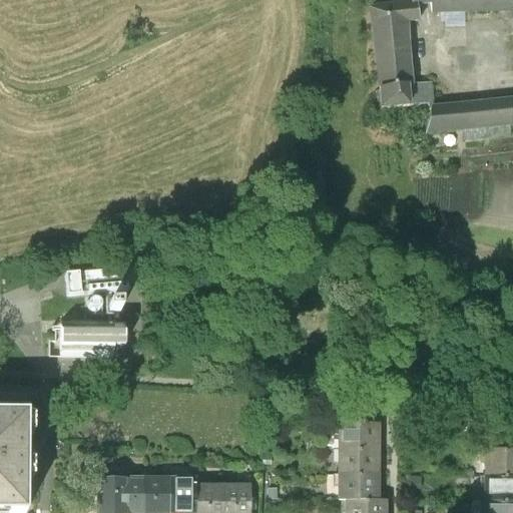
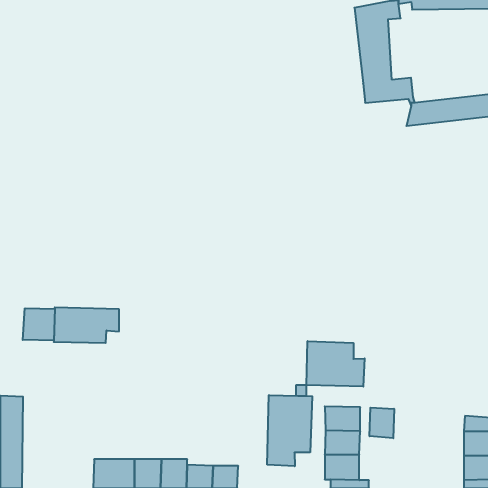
building: none -> [23,308,55,340]
building: none -> [306,341,365,387]
building: none -> [267,395,312,466]
building: none -> [370,408,394,438]

